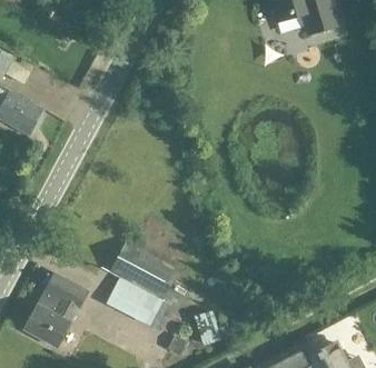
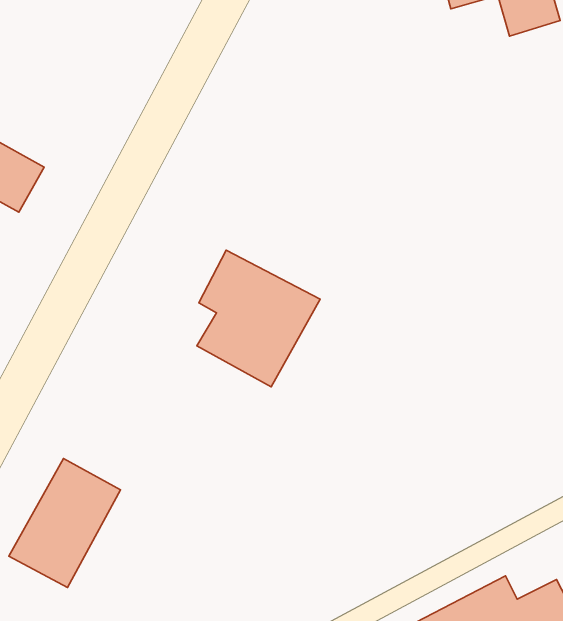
building: [108,242,178,320] -> [197,250,320,387]

